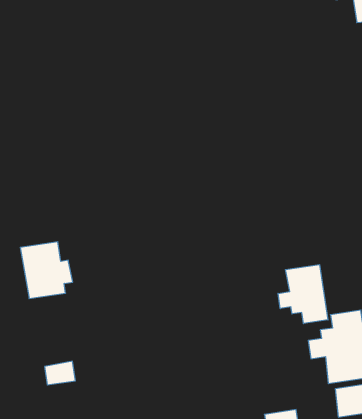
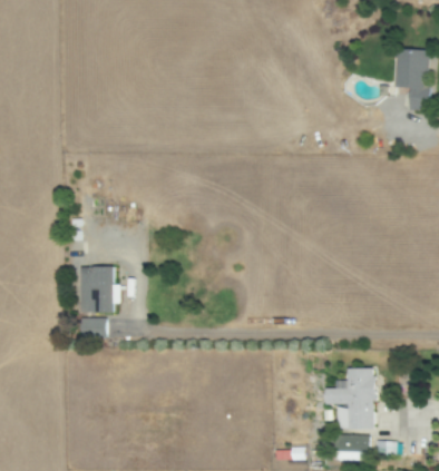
building: [278,265,328,324] -> none
building: [45,361,75,385] -> [80,318,106,336]

